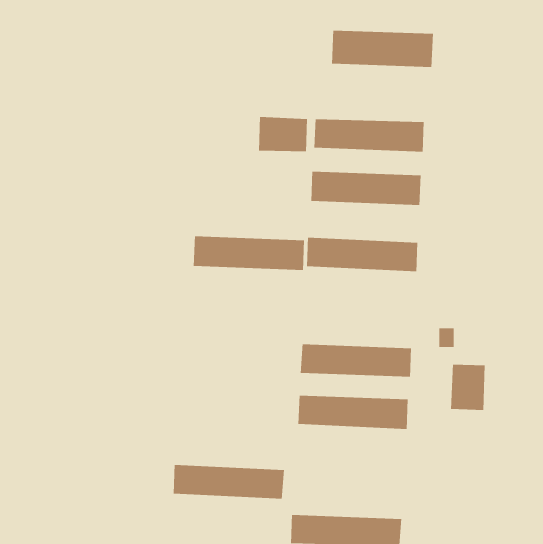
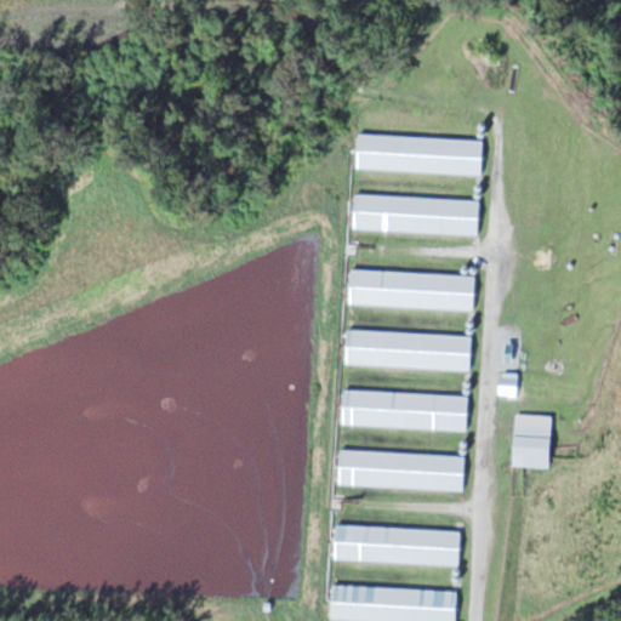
building: [331,30,434,68] -> none
building: [258,116,308,152] -> none
building: [193,236,305,271] -> [344,331,472,371]
building: [173,464,285,499] -> [334,525,461,565]

